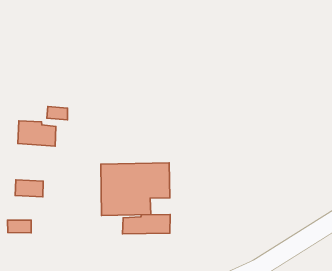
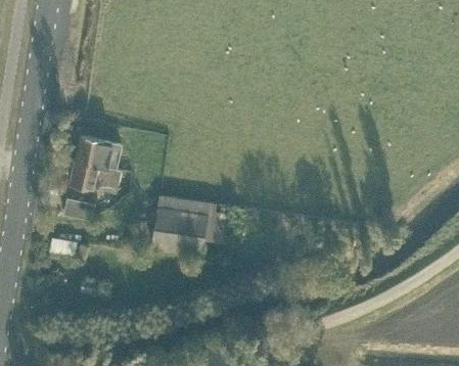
building: none -> [71,159,123,192]
building: [122,215,170,234] -> none

